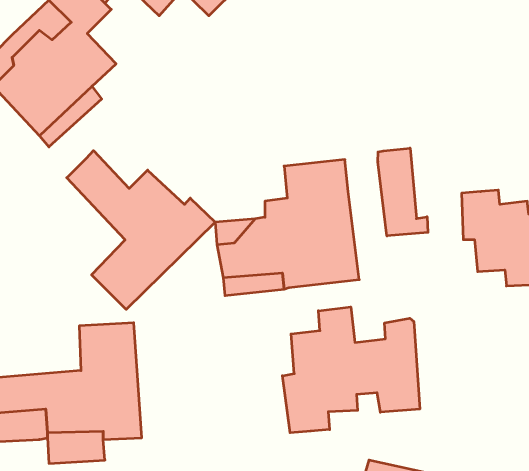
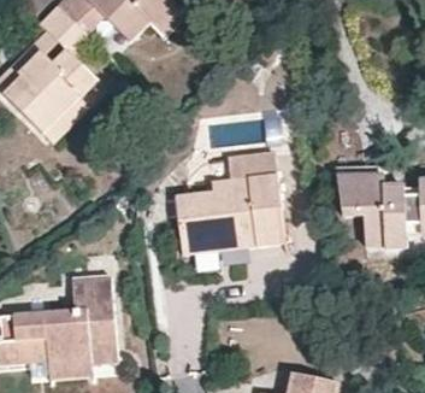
building: [378,148,428,236] -> none
building: [67,151,215,309] -> none
building: [282,307,420,433] -> none

